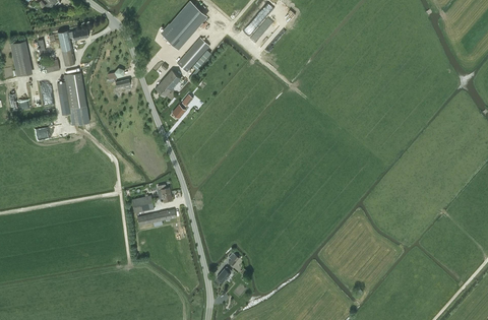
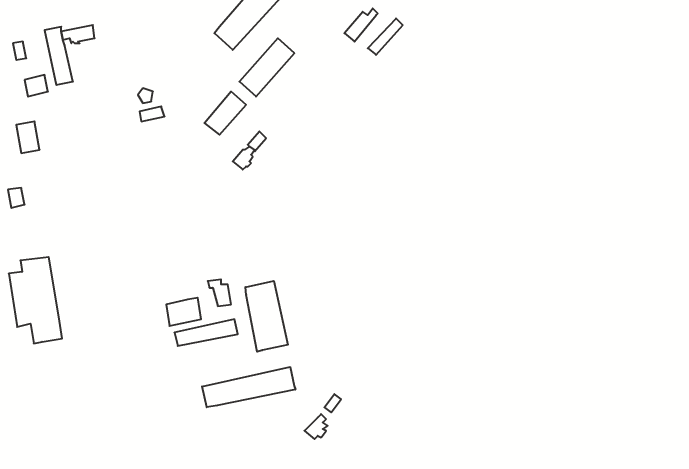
building: [57,72,89,125] -> [9,257,62,343]
building: none -> [245,281,288,352]
building: none -> [202,367,295,407]

